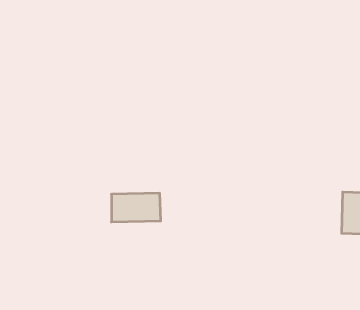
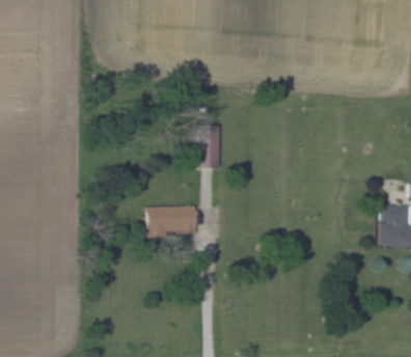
building: none -> [195,128,219,167]

